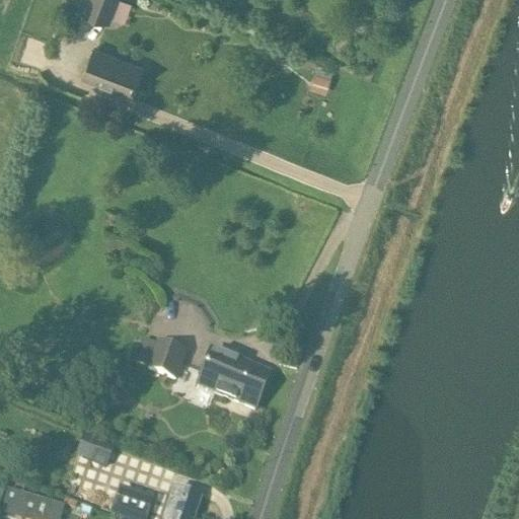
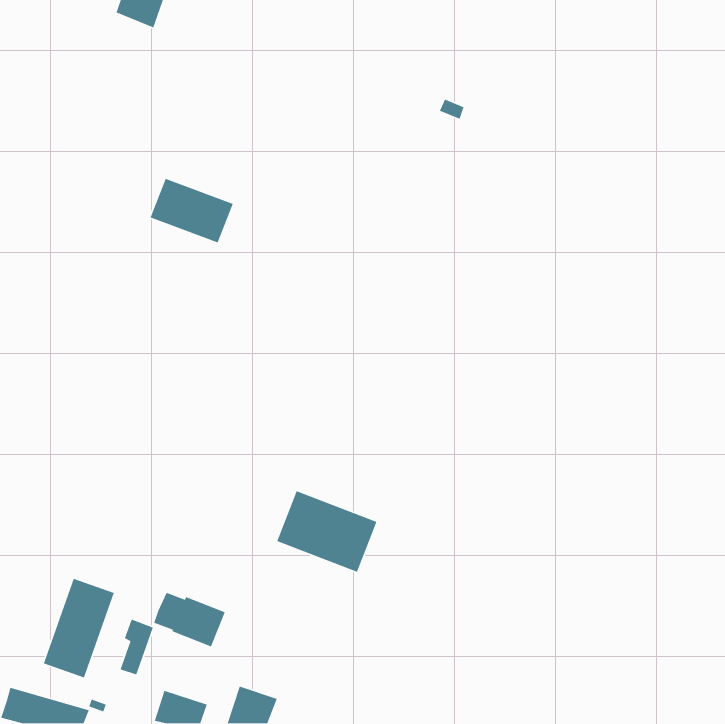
building: [84,47,144,93] -> [150,178,234,243]
building: [136,338,188,377] -> [153,592,226,647]
building: none -> [43,578,115,679]

